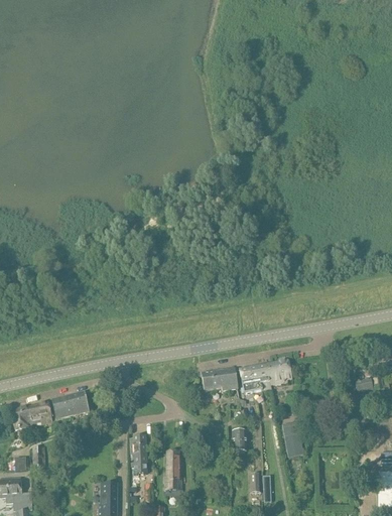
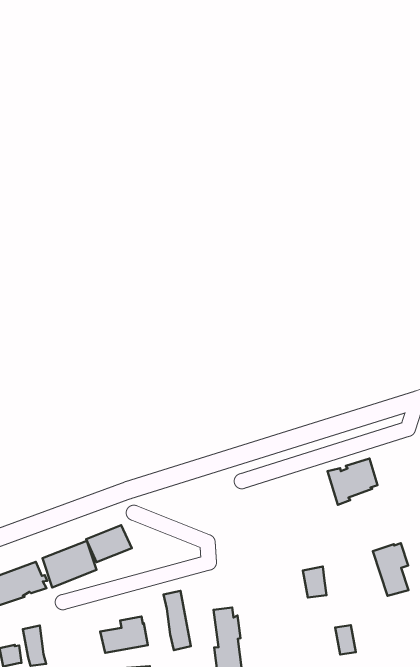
building: [239,365,262,392] -> none
building: [202,369,237,391] -> none
building: none -> [86,525,132,562]
building: none -> [100,616,148,653]

